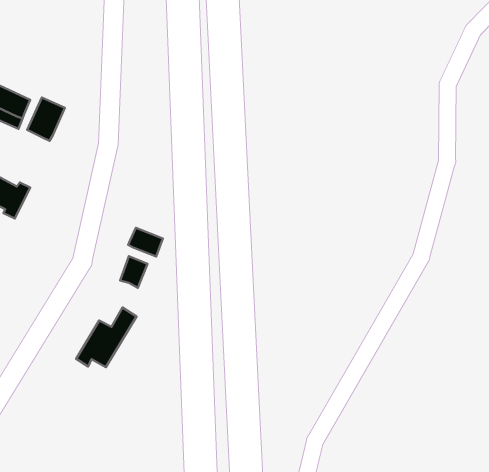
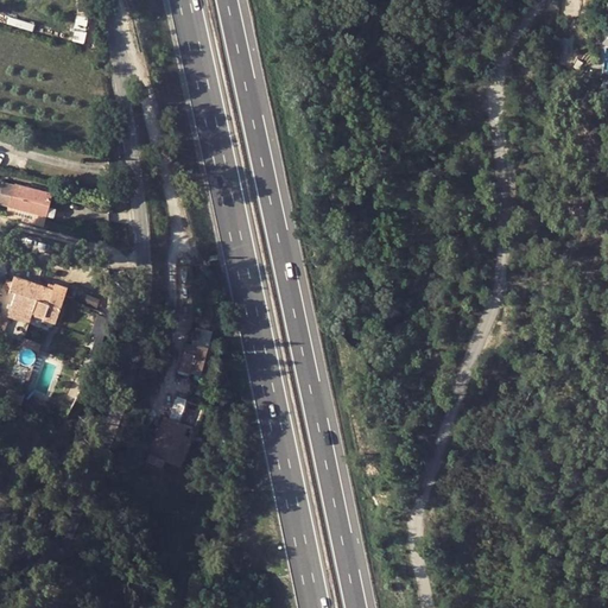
building: [27,98,65,141] -> none
building: [128,228,163,256] -> none

